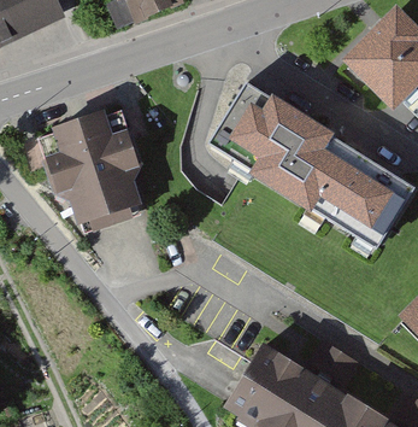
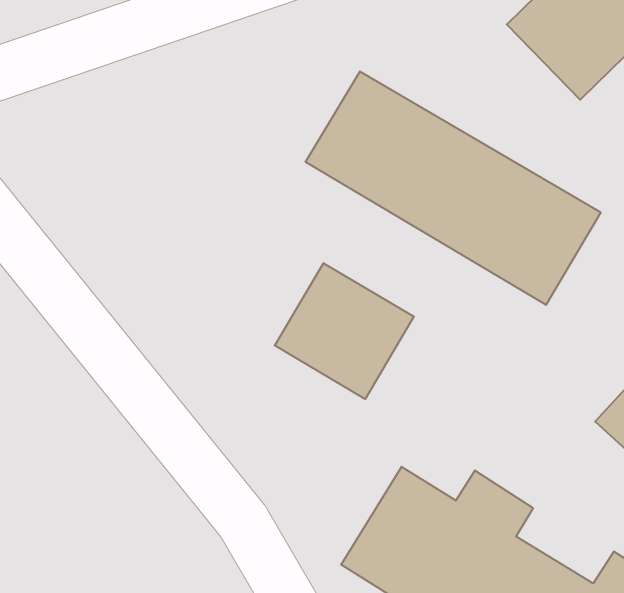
building: [46,111,147,233] -> none
building: none -> [275,263,414,399]

